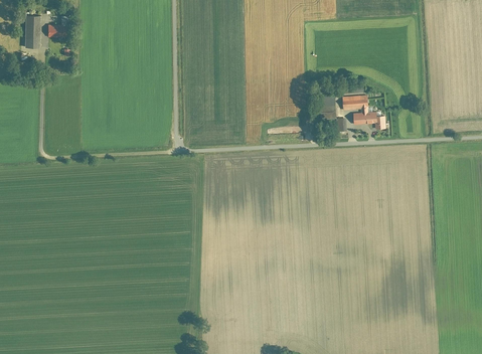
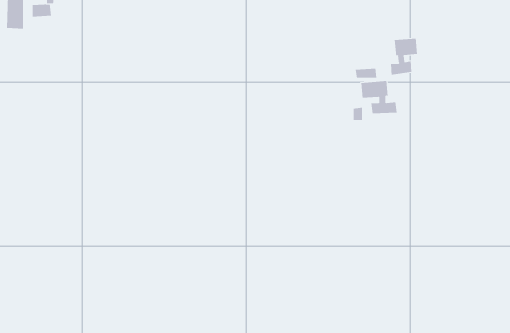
building: none -> [390,38,418,75]

